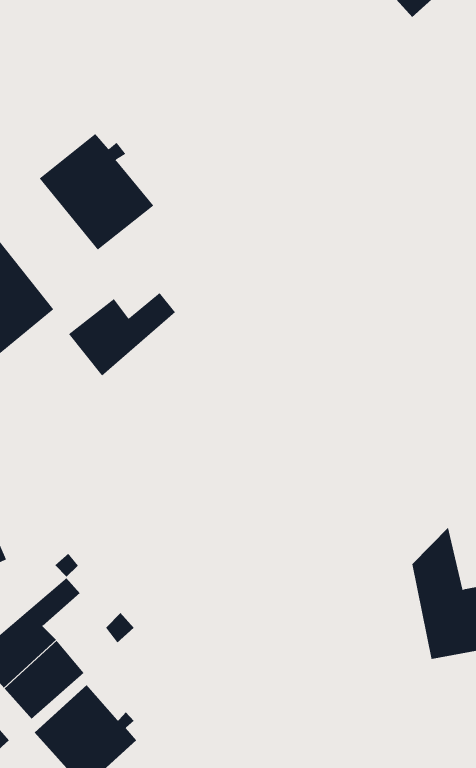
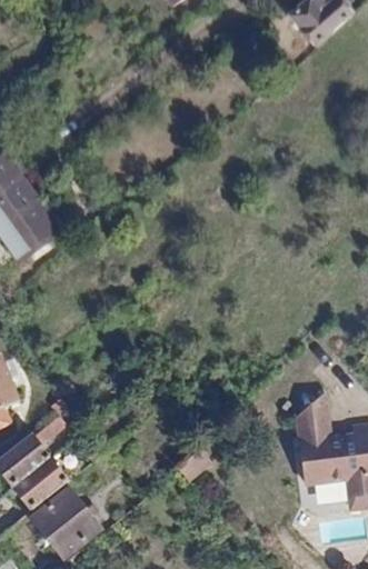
building: [39,133,154,251] -> none
building: [68,292,176,377] -> none

